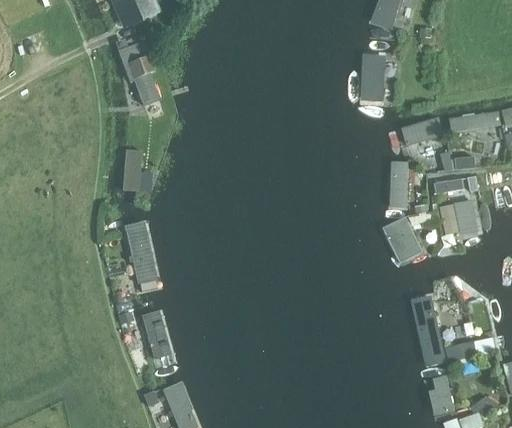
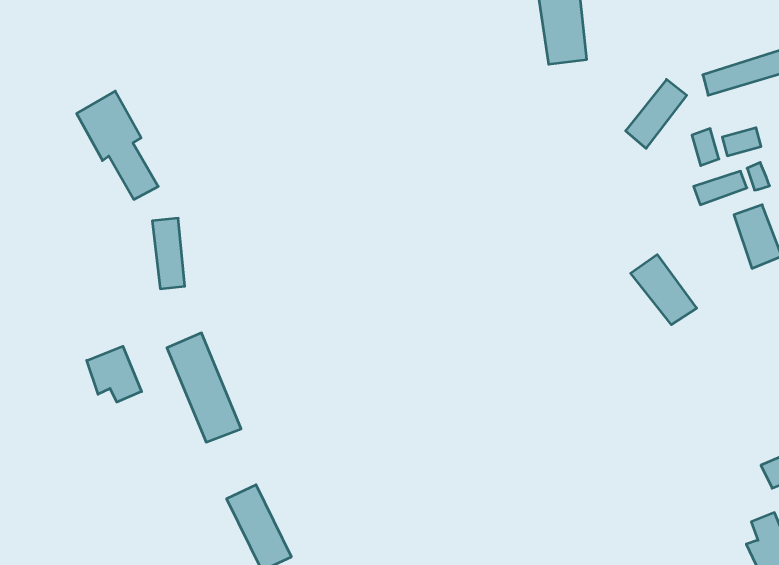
building: [119,41,158,104] -> [77,91,158,199]
building: [391,162,409,209] -> none
building: none -> [87,346,142,402]
building: [414,296,444,365] -> none

